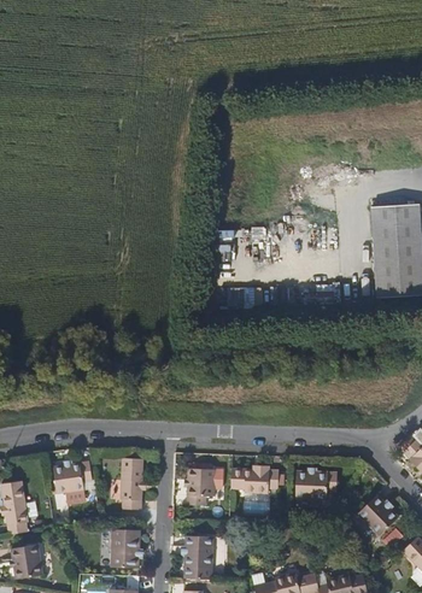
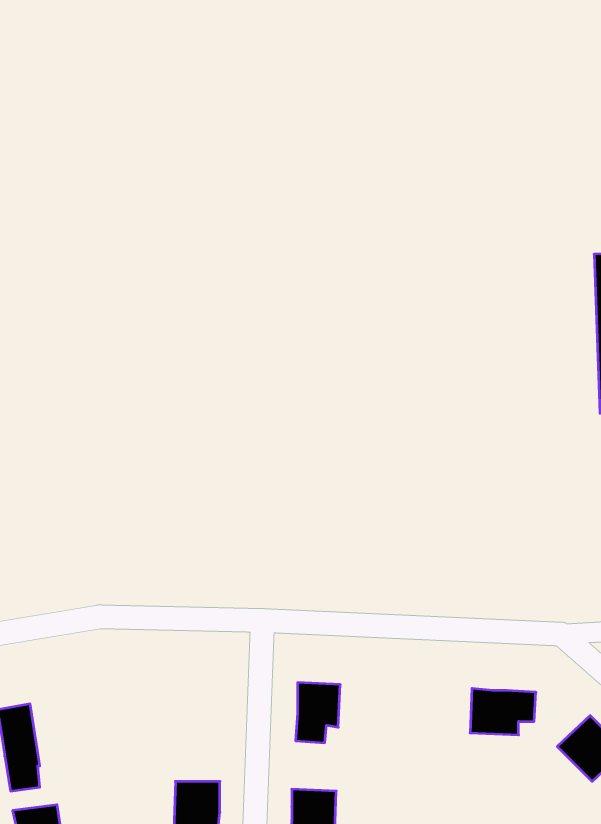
building: [119,458,142,510] -> none
building: [52,464,93,497] -> none
building: [230,469,279,494] -> none

